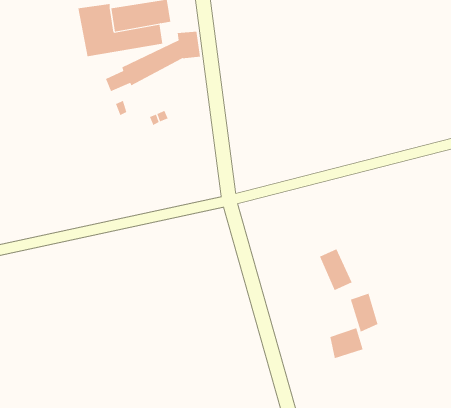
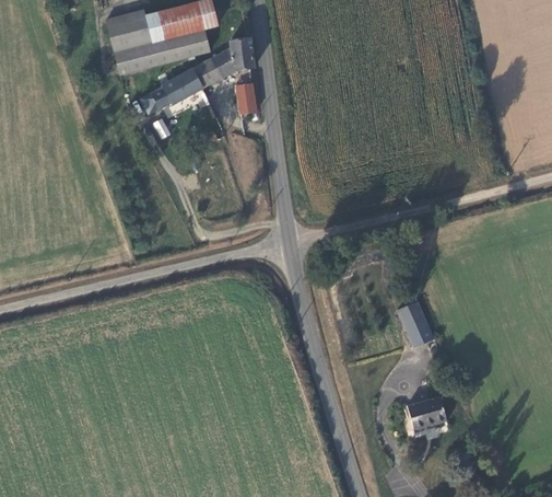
building: none -> [233,86,254,116]
building: [350,293,378,333] -> none

